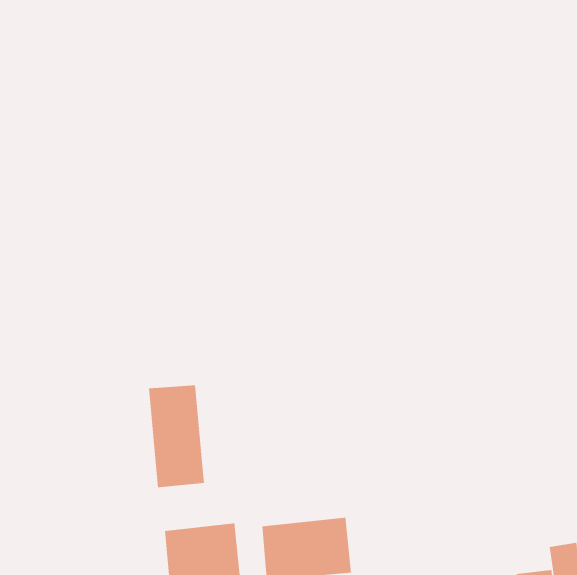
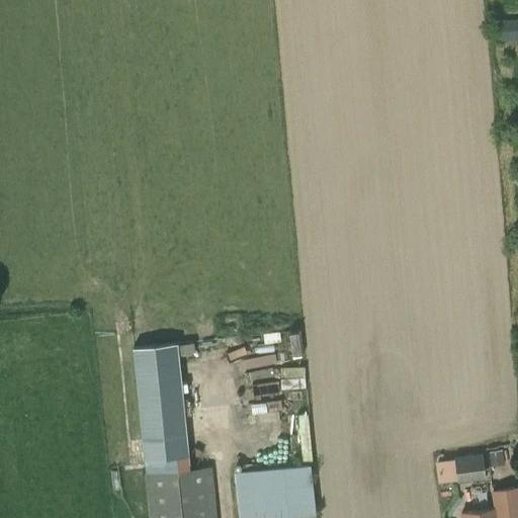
building: none -> [142,435,186,463]
building: none -> [455,457,487,486]

